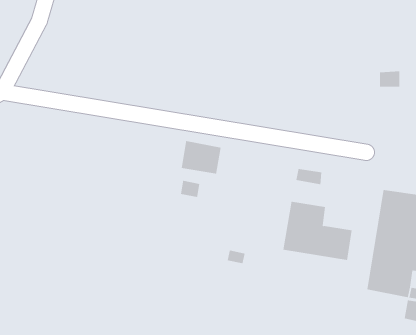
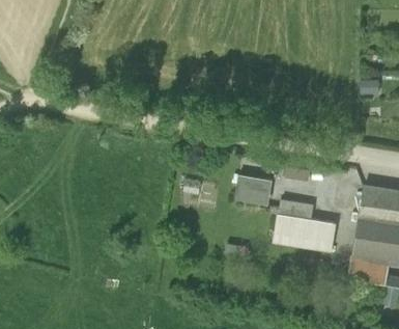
building: [181,140,221,174] -> [235,174,272,204]

